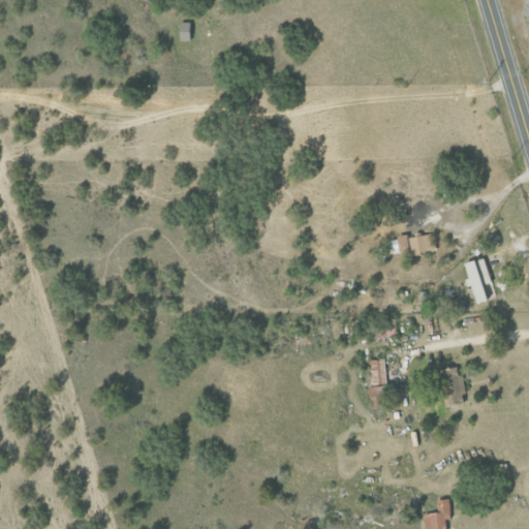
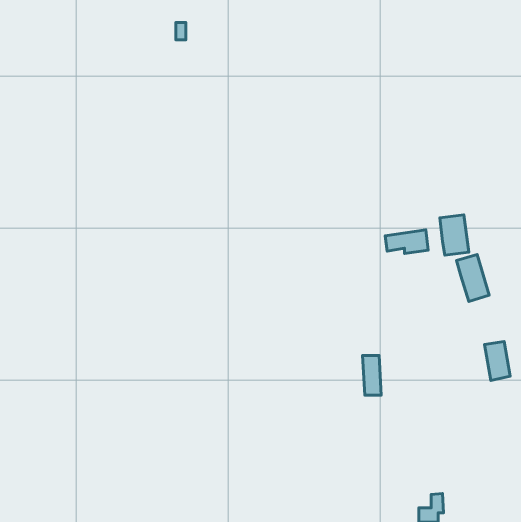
building: none -> [440,215,469,255]
building: [439,367,465,406] -> [485,342,510,380]

